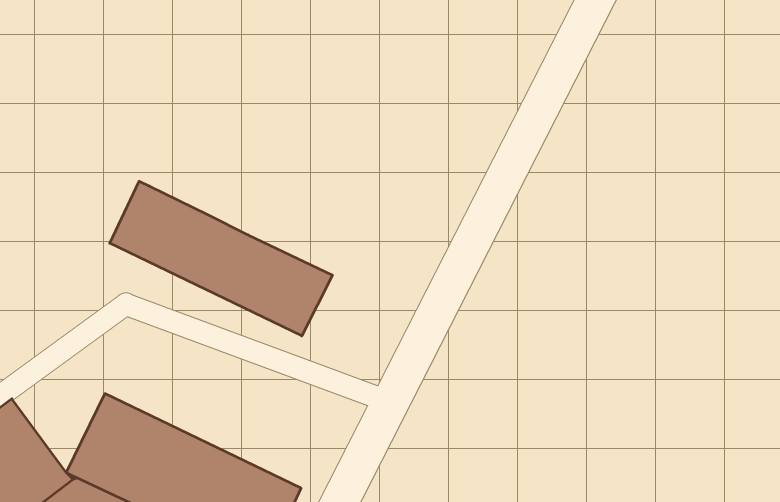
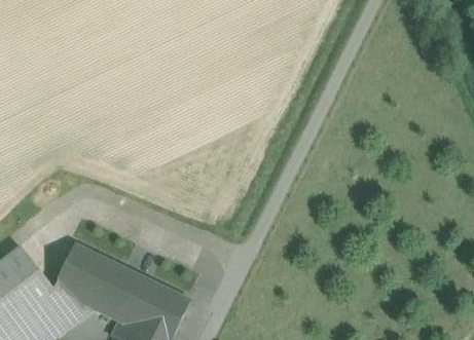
building: [110,181,332,336] -> none

